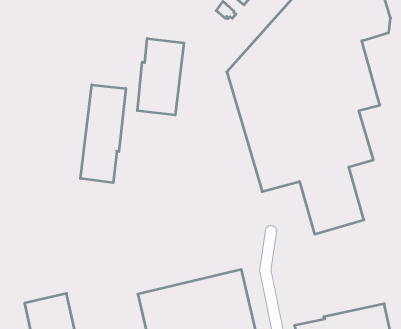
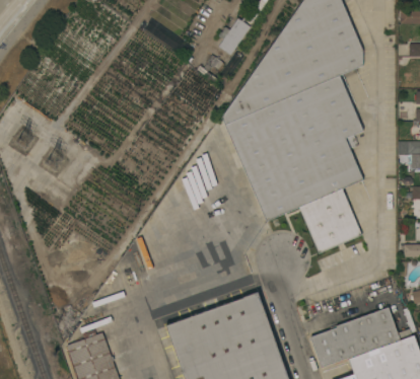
building: [137,38,184,115] -> none
building: [80,85,126,183] -> none

